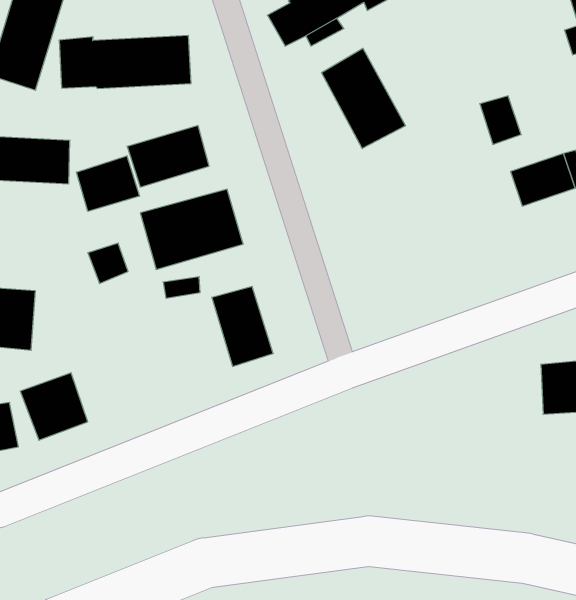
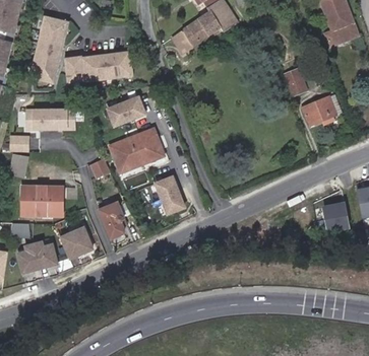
building: [322,48,405,149] -> none
building: [76,156,140,211] -> none
building: none -> [98,202,128,240]

